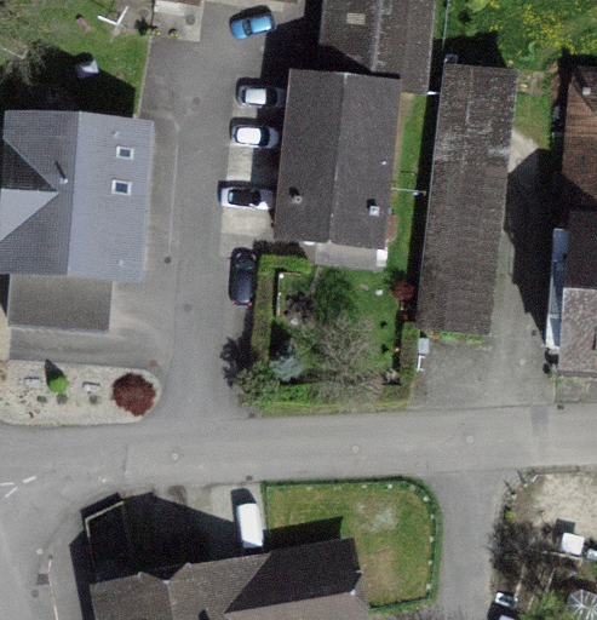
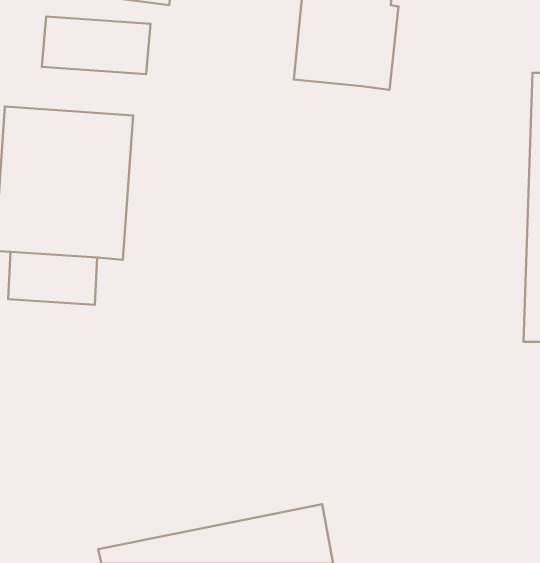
building: none -> [42,17,151,74]
building: [417,68,512,337] -> none
building: [279,84,391,248] -> none

